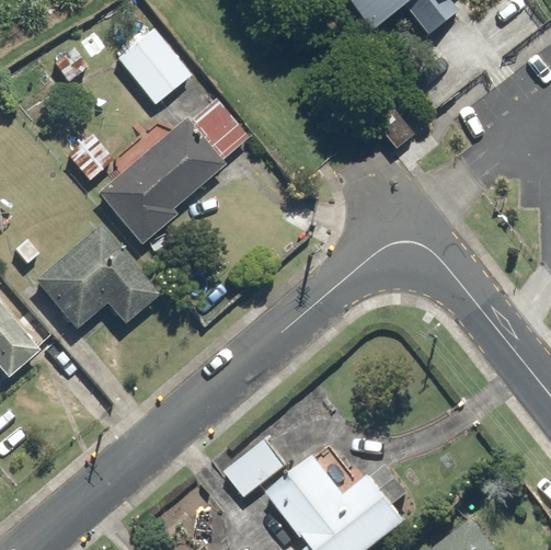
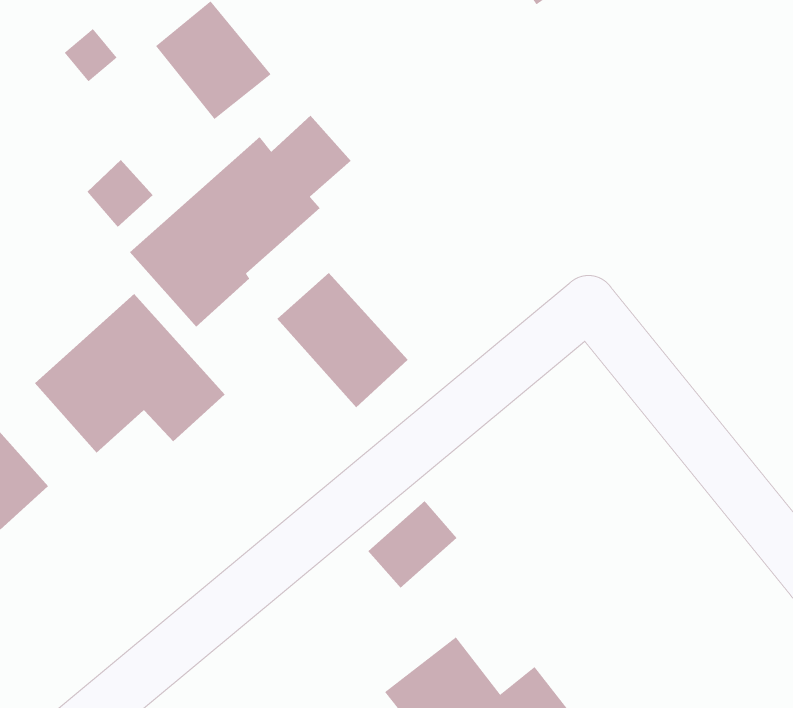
building: none -> [277,272,409,408]
building: [226,436,286,495] -> [368,500,458,589]

